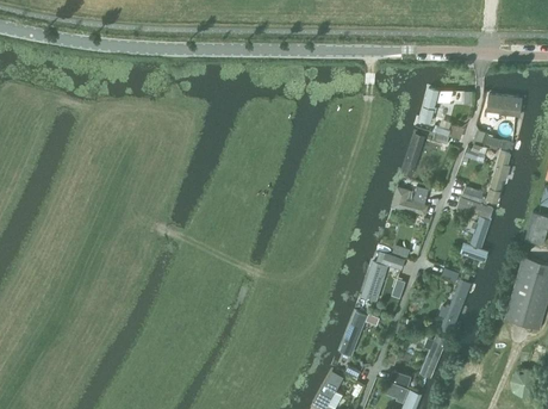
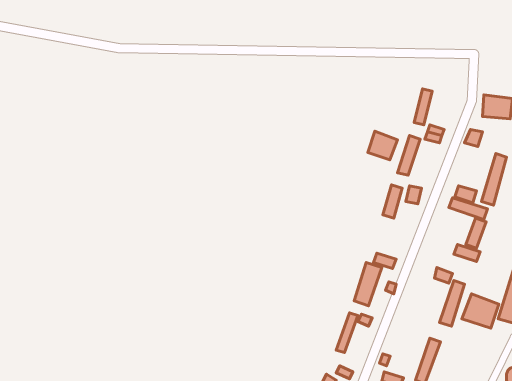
building: none -> [368,131,397,160]
building: none -> [462,294,499,328]

